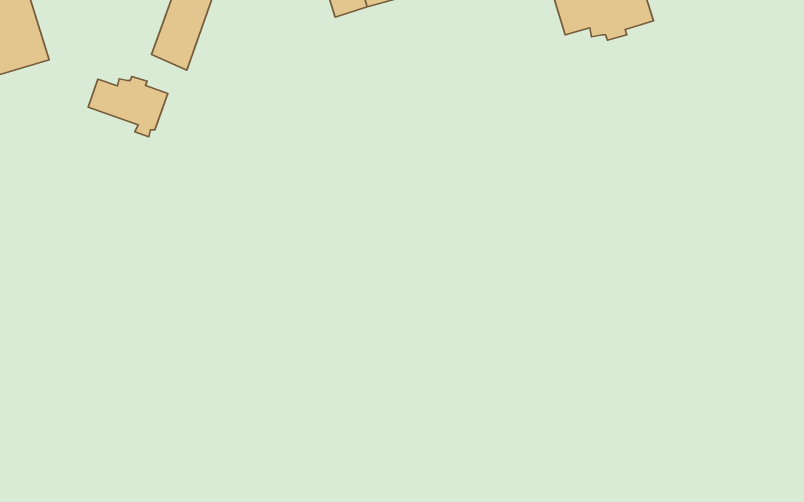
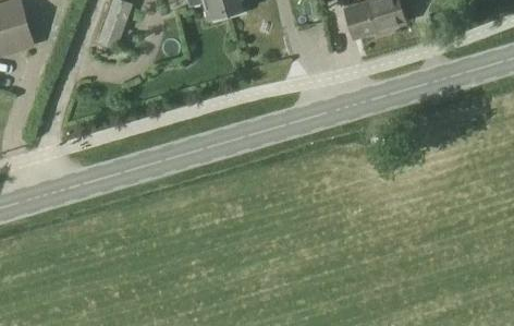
building: [88,76,168,137] -> none

